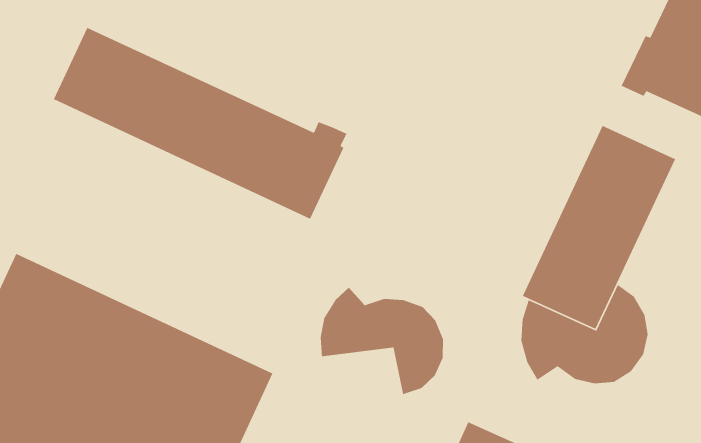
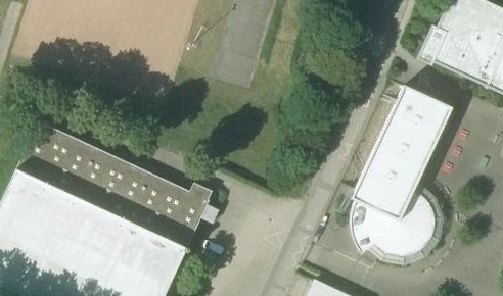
building: [53,27,348,220] -> [16,120,212,248]
building: [320,287,444,395] -> none

